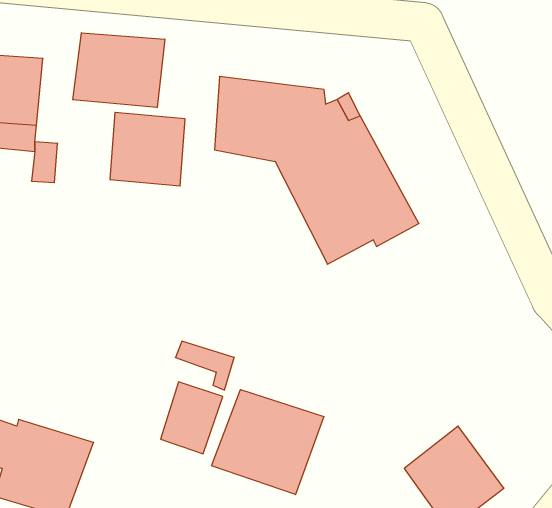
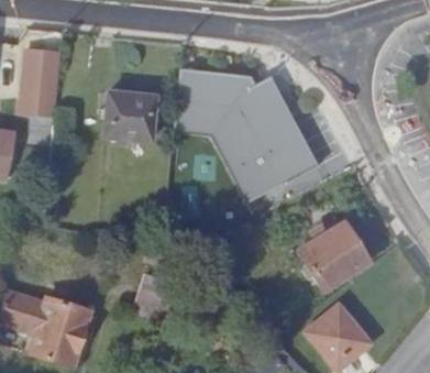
building: [73,33,165,108] -> none
building: none -> [297,224,366,294]
building: [212,390,324,495] -> none

